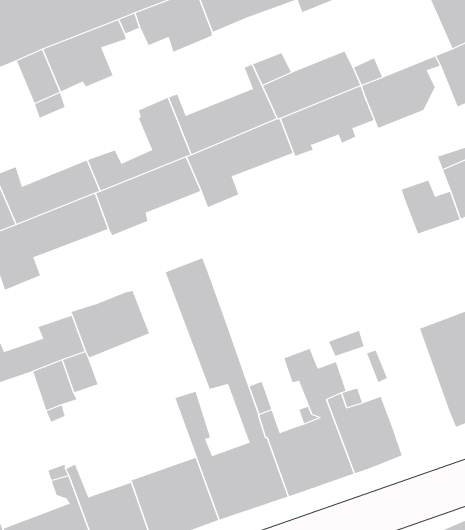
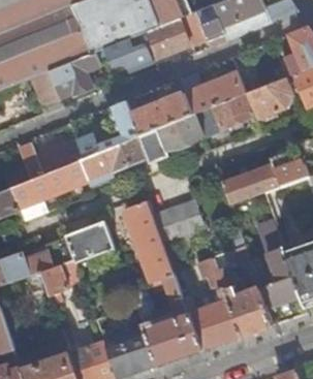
building: none -> [221,164,281,204]
building: none -> [152,199,204,243]
building: none -> [258,220,301,309]

